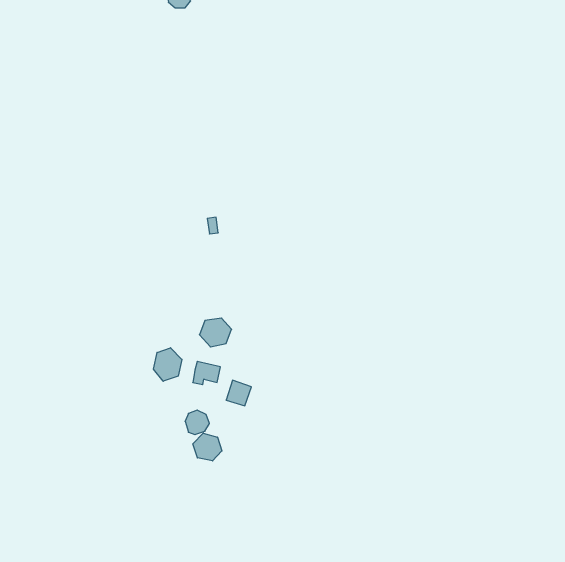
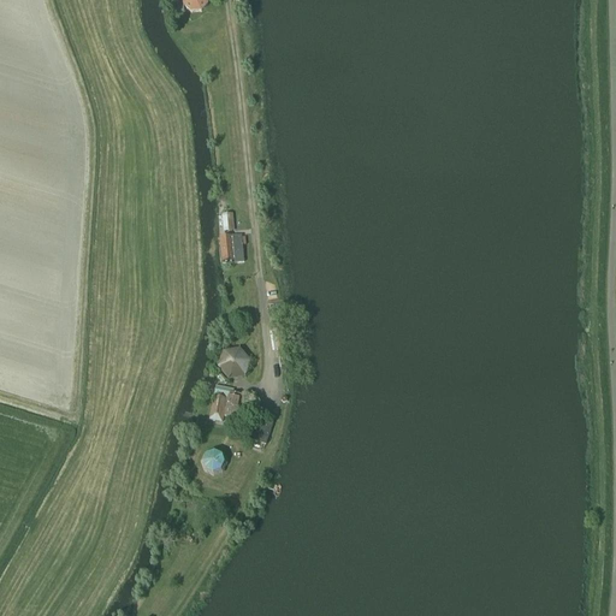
building: [153,348,182,381] -> none
building: [193,433,222,461] -> none

